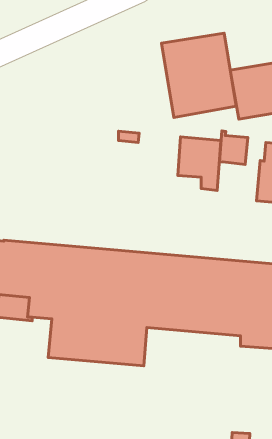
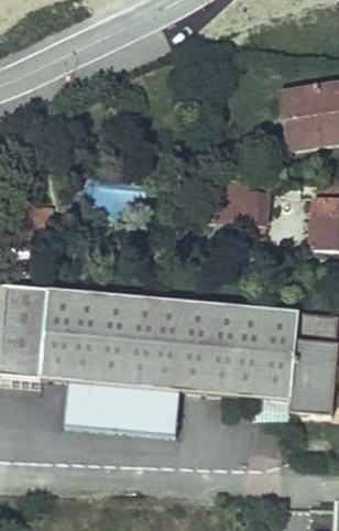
building: [162,33,236,117] -> none
building: [219,131,248,165] -> none

